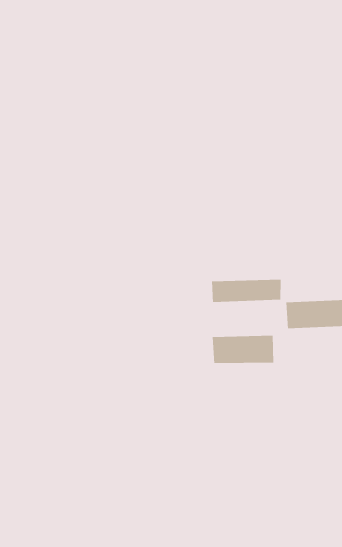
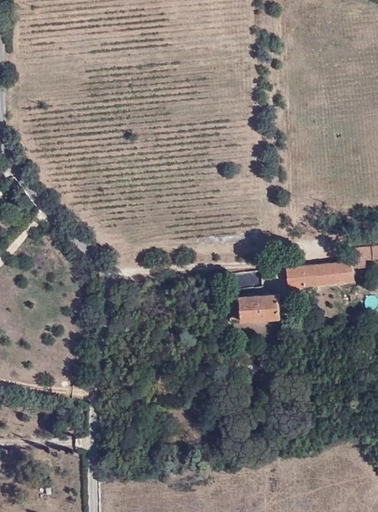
building: [212,279,281,303] -> none

